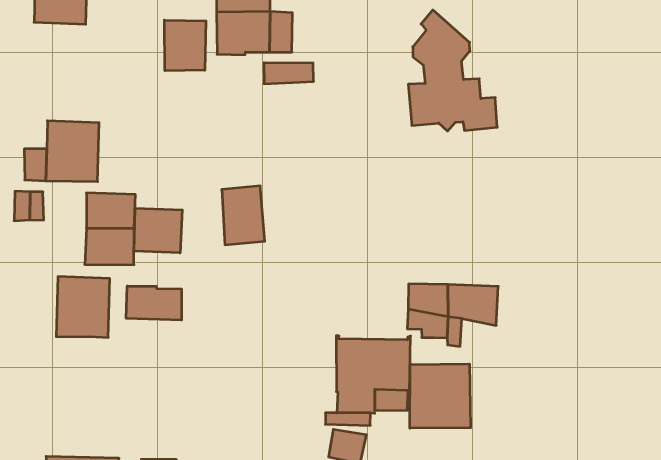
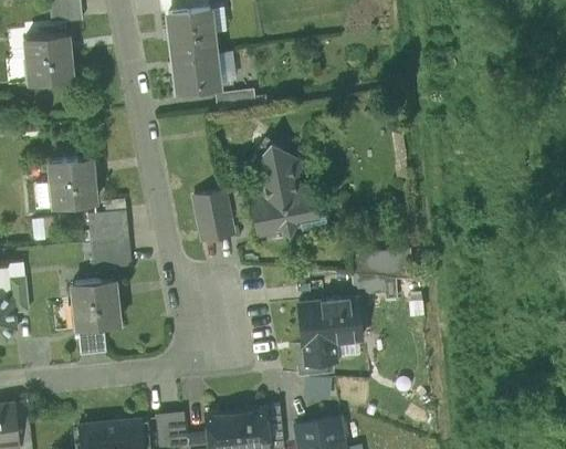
building: [408,10,497,131] -> [253,140,327,234]
building: [164,20,206,71] -> none
building: [134,208,182,253] -> none
building: [126,286,182,320] -> none
building: none -> [77,326,106,355]
building: [410,364,471,428] -> none

